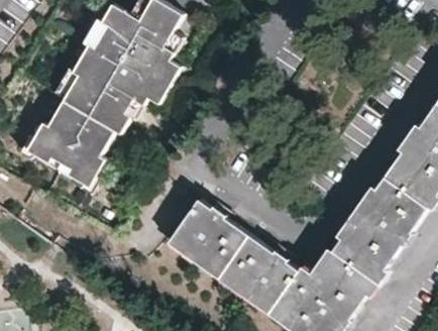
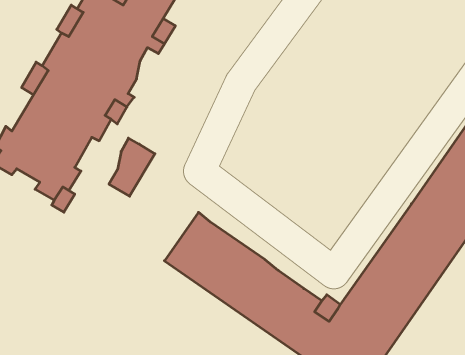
building: [139,60,178,108] -> [109,138,155,196]

